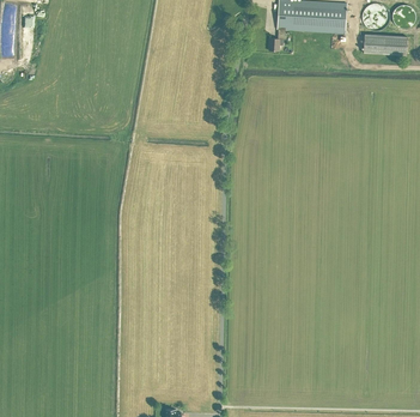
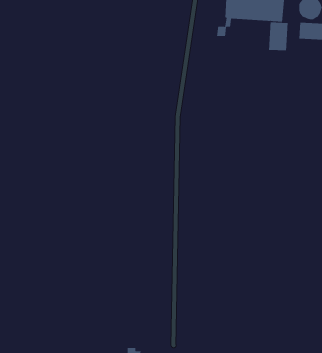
building: none -> [269,21,288,51]

